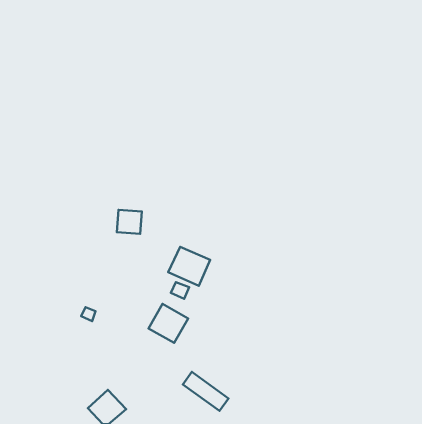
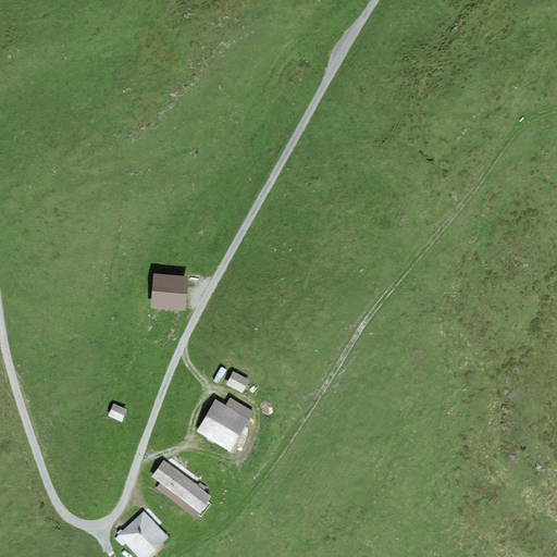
building: [168,247,210,286] -> none
building: [183,372,228,411] -> [151,459,211,510]

